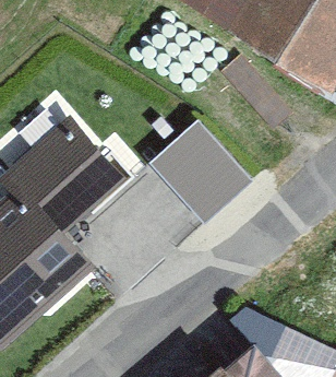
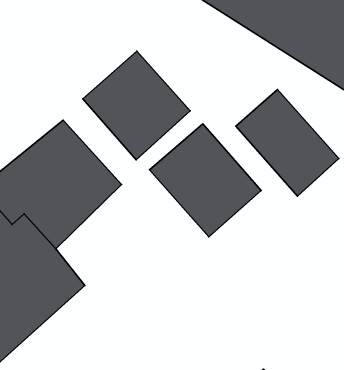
building: none -> [83,51,190,160]
building: none -> [236,89,339,196]

